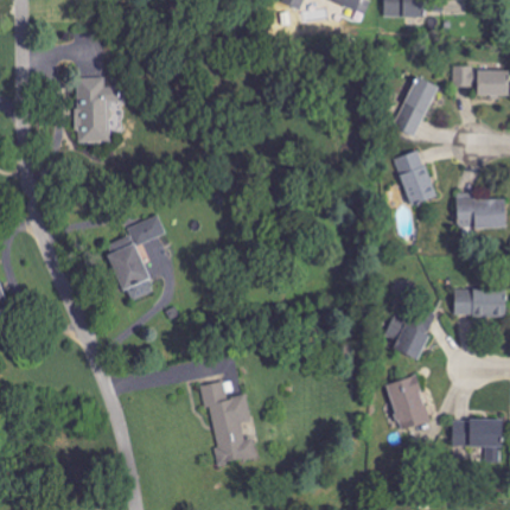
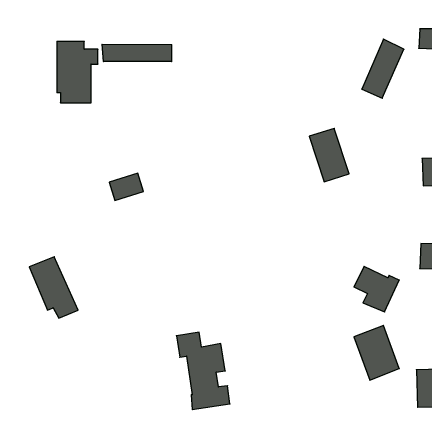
building: none -> [102,44,172,62]
building: [394,151,435,206] -> [309,128,349,182]
building: [102,236,153,300] -> [29,257,78,318]

